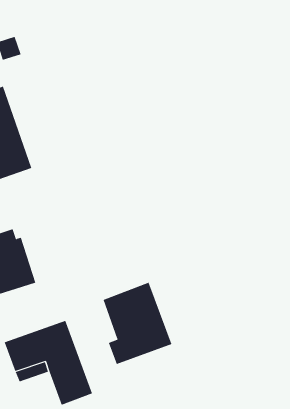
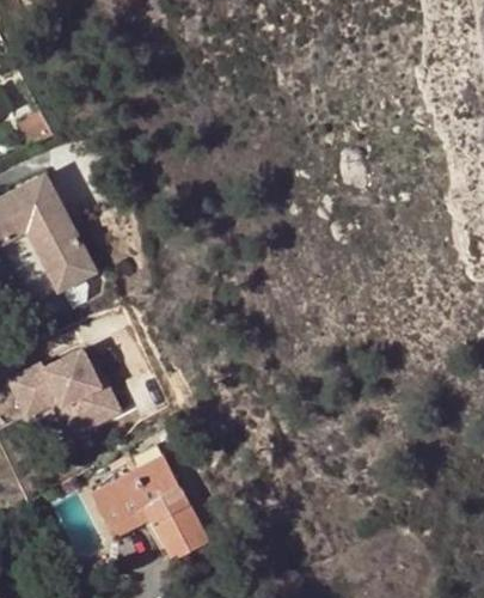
building: [103,282,172,365] -> none

